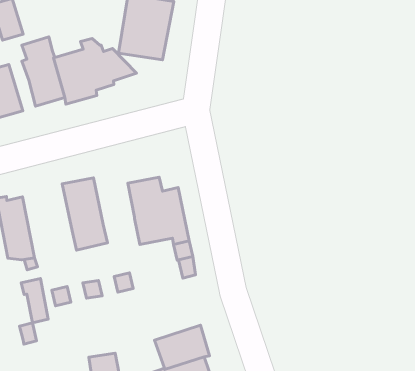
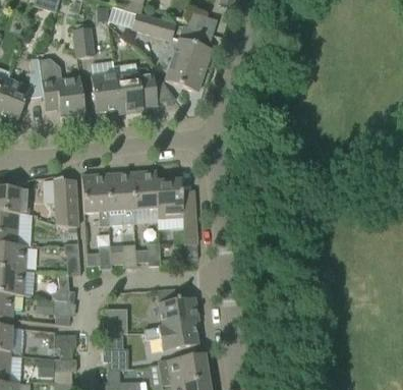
building: none -> [131,170,158,209]
building: none -> [81,173,110,225]

